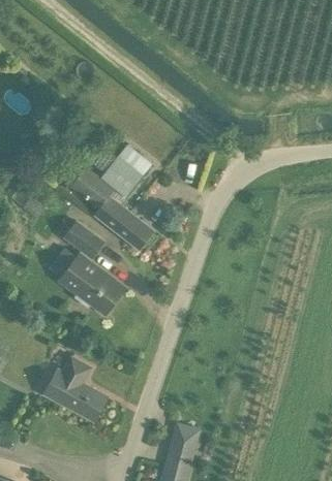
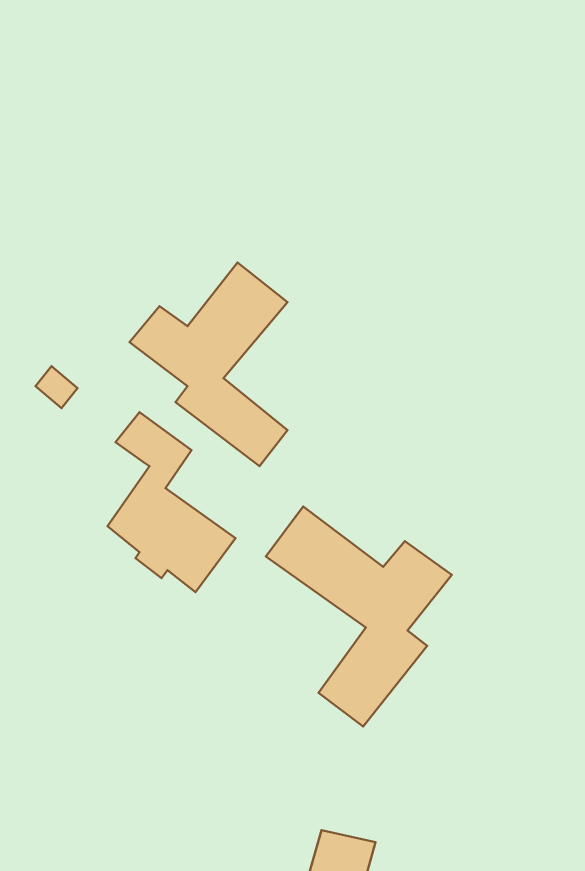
building: none -> [266,506,452,727]
building: [46,358,105,420] -> none

